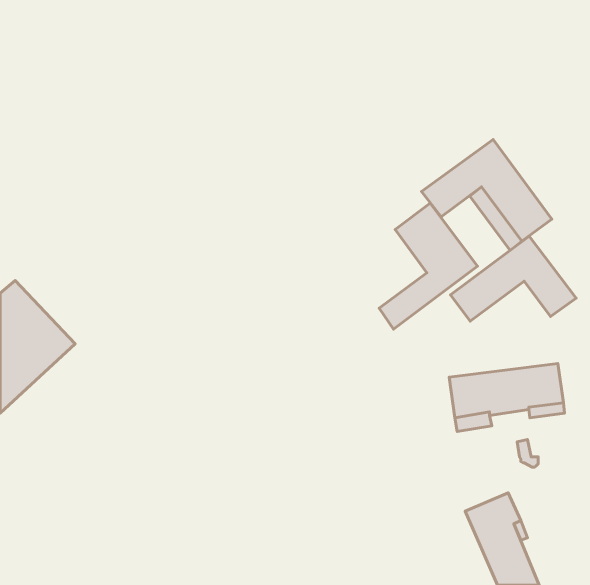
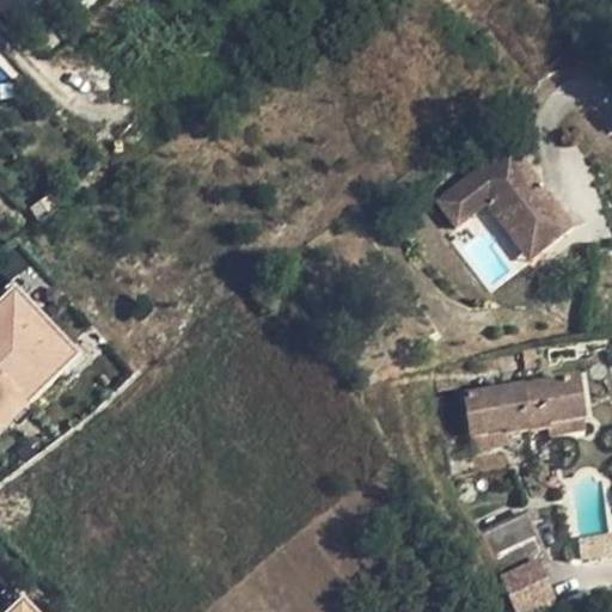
building: [379,203,477,329] -> none
building: [450,236,576,321] -> none

